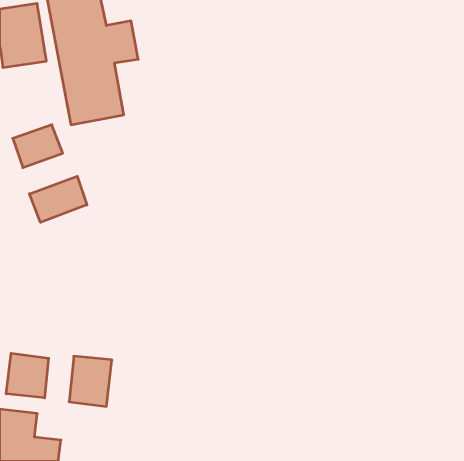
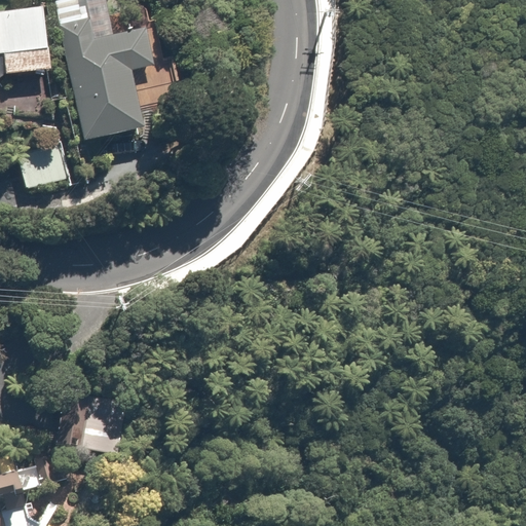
building: [29,176,87,222] -> none
building: [6,353,49,398] -> none

